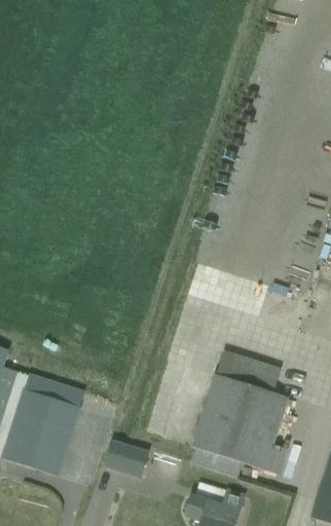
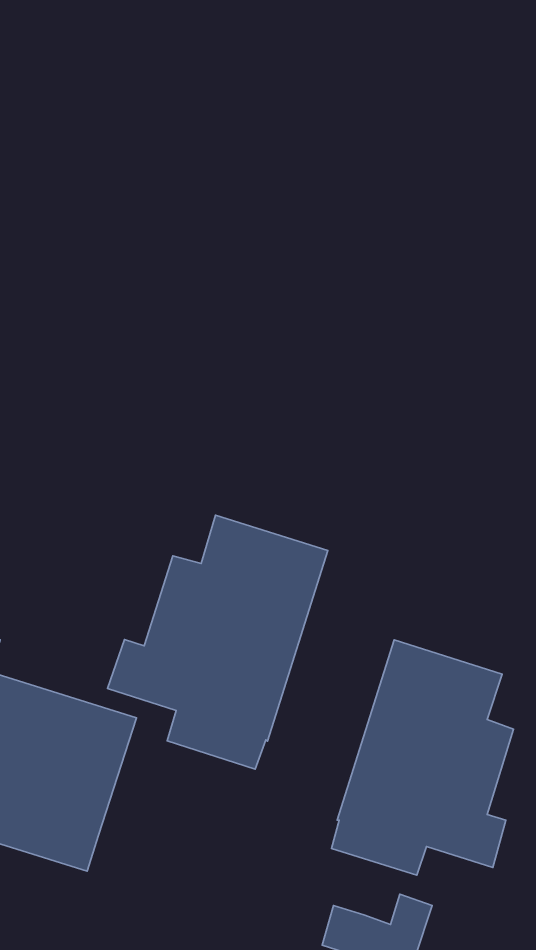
building: none -> [107,515,328,769]
building: [103,440,144,474] -> none

